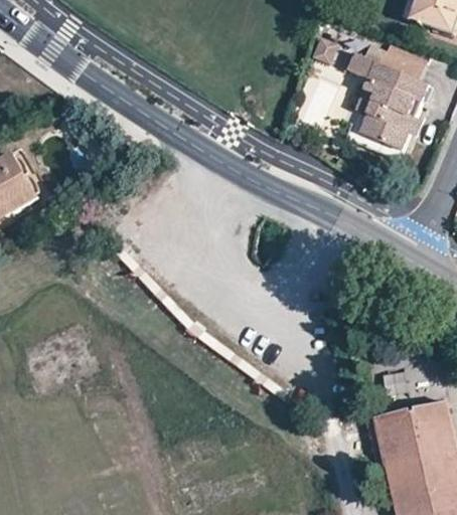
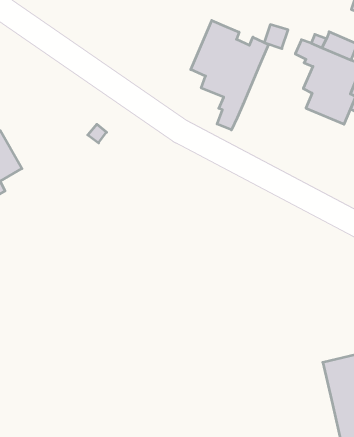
building: none -> [191,20,268,130]

